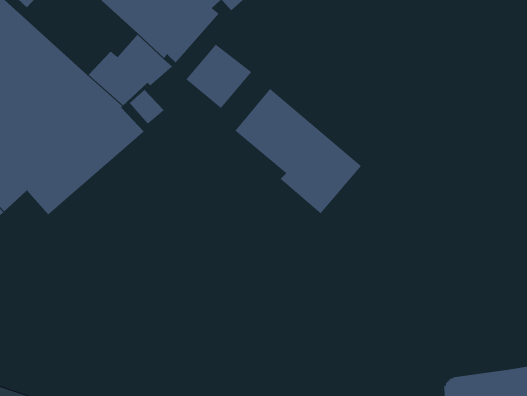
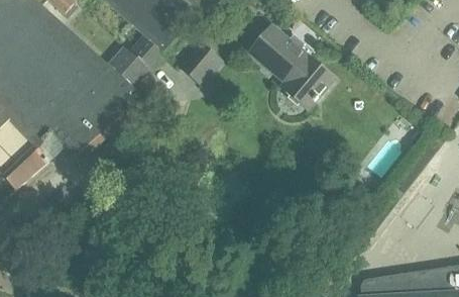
building: [234,88,362,214] -> [246,21,337,111]

